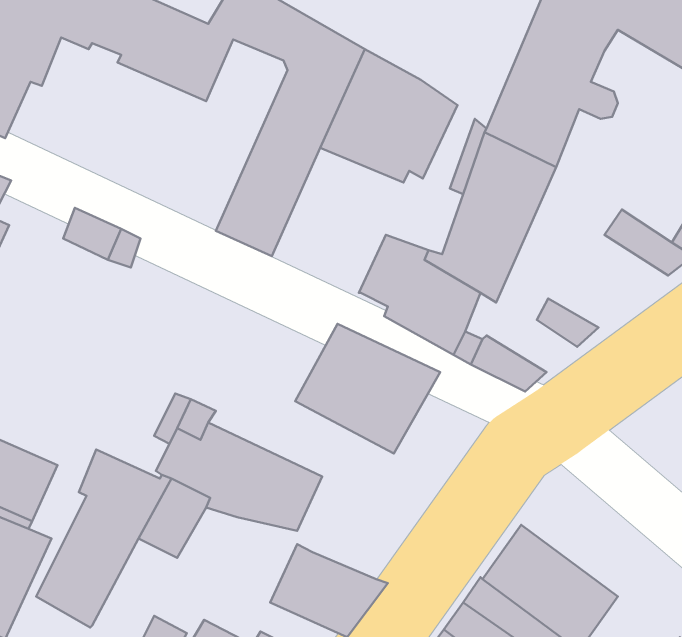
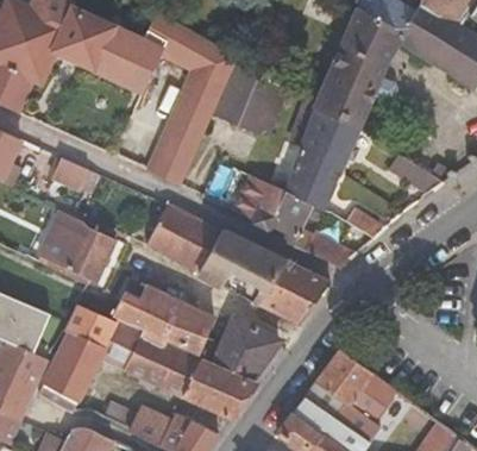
building: none -> [148,200,224,274]
building: none -> [46,214,115,281]
building: none -> [258,256,327,326]
building: none -> [208,315,277,383]
building: none -> [125,339,199,397]

